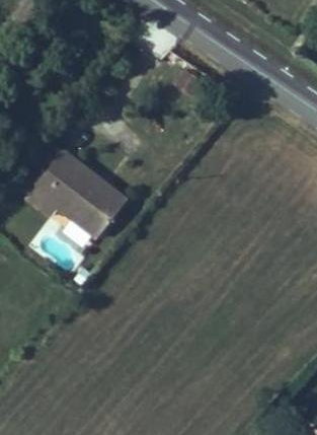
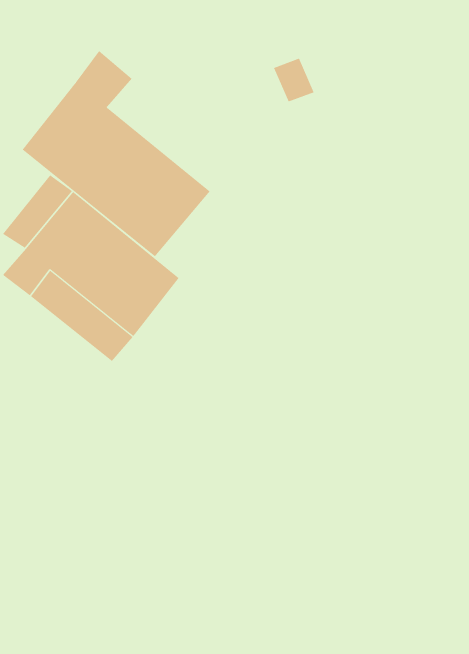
building: none -> [22,50,211,257]

